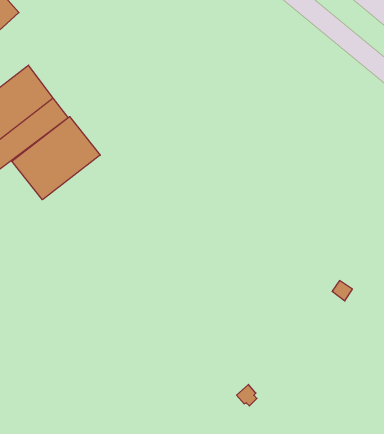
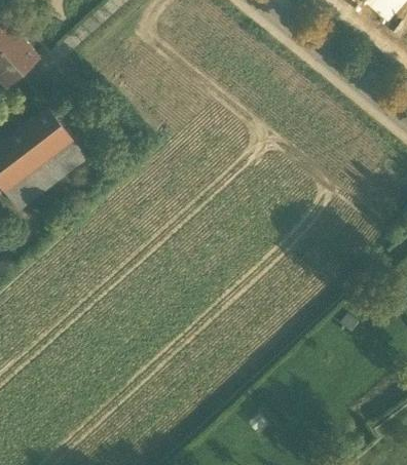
building: [12,117,100,200] -> none

